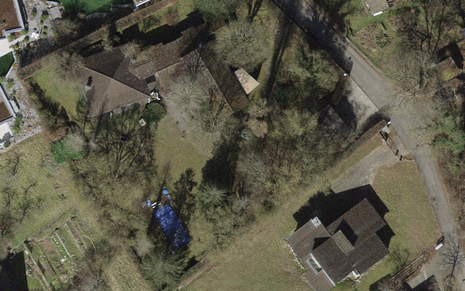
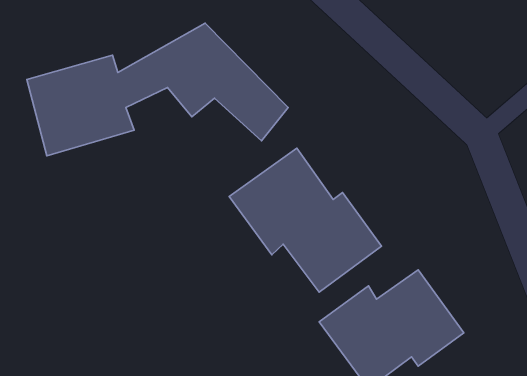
building: none -> [229,148,382,292]

